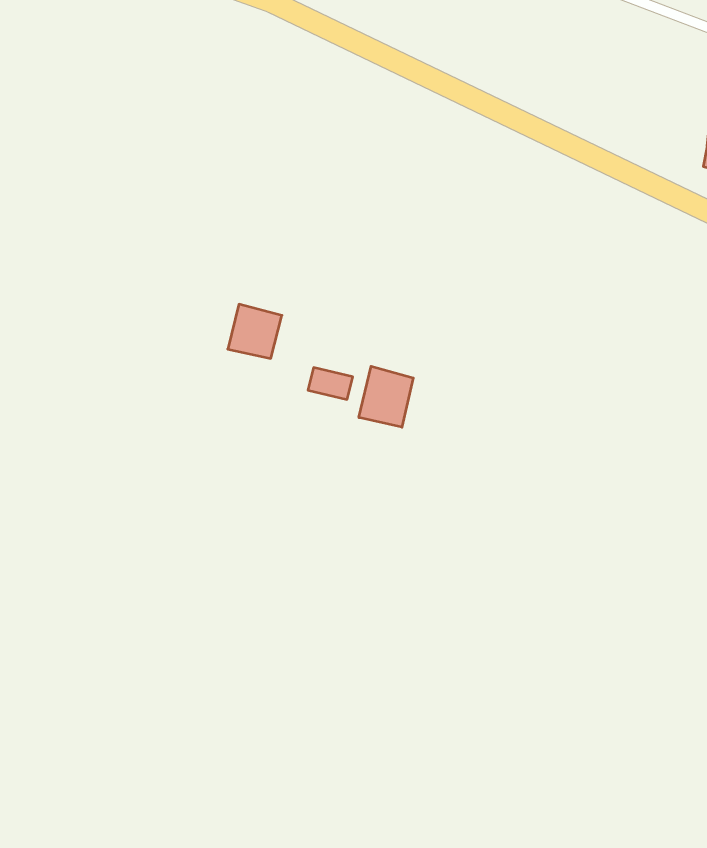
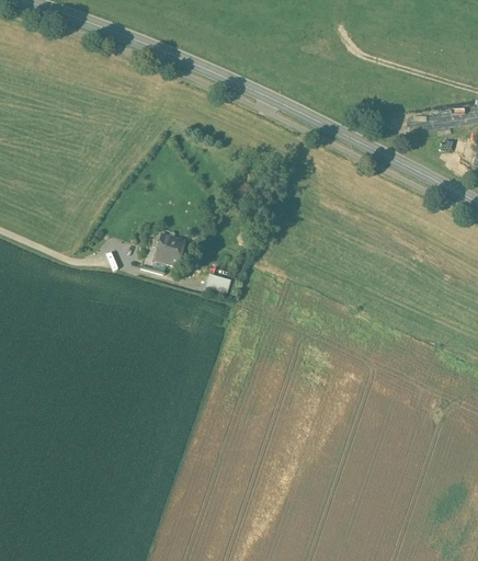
building: [359,366,413,427] -> none

